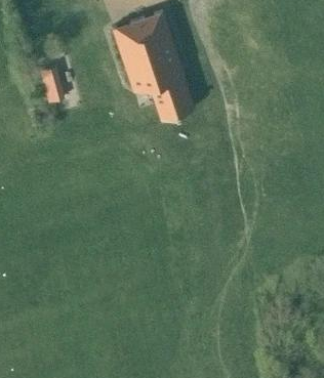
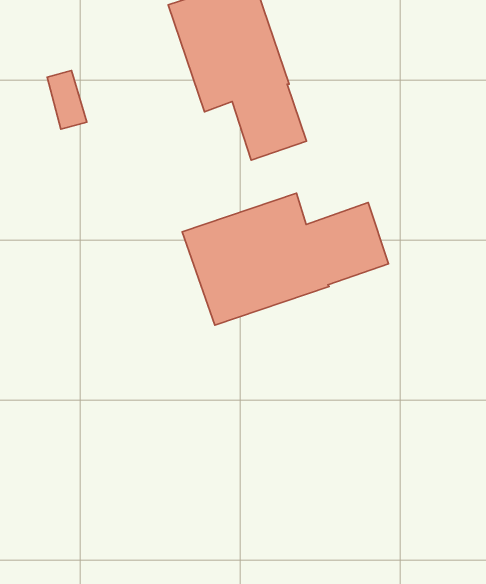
building: none -> [182,193,389,325]

